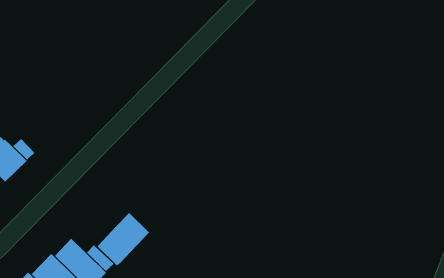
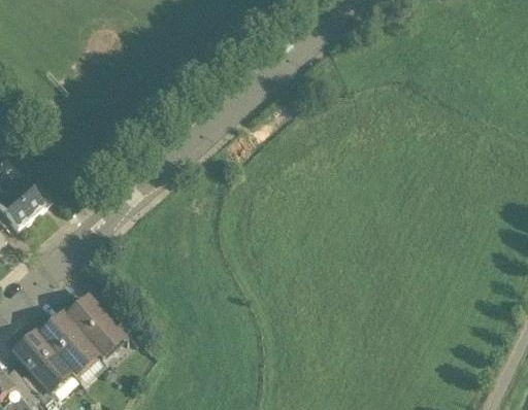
building: [96,212,150,267] -> none

